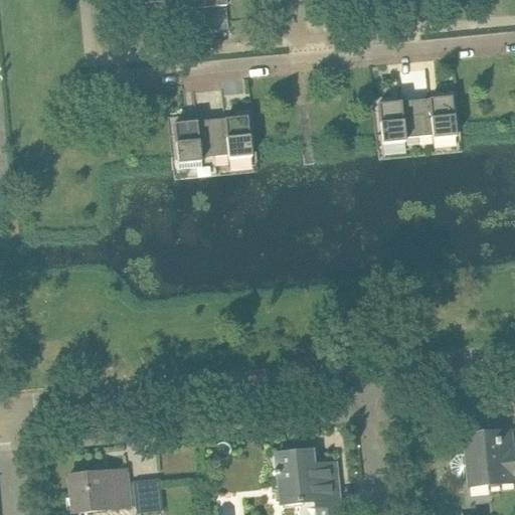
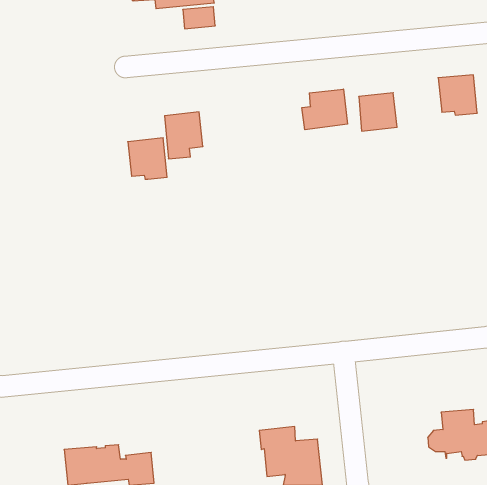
building: none -> [302,89,347,130]
building: [415,95,457,137] -> [438,75,477,115]
building: [211,114,252,157] -> [128,138,167,179]

